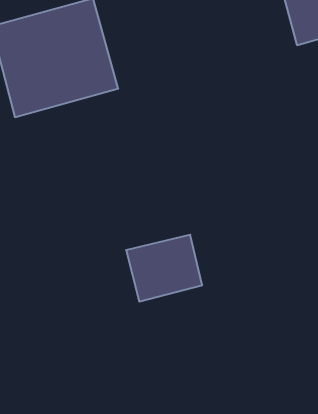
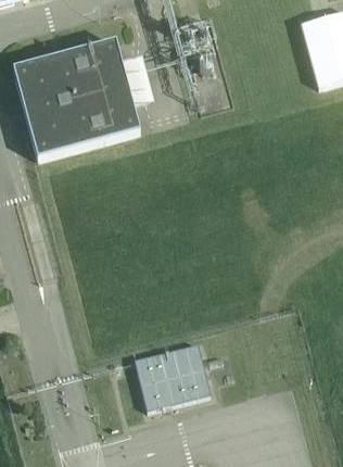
building: [126,235,202,301] -> [132,340,208,406]

